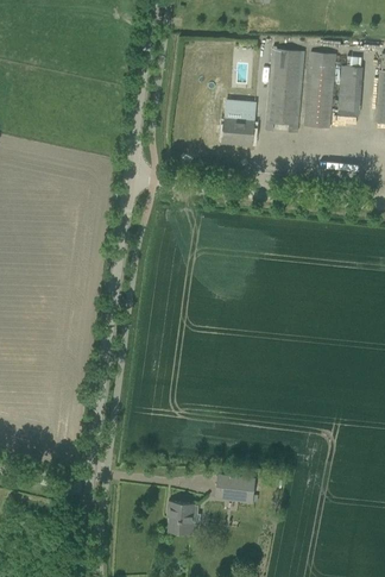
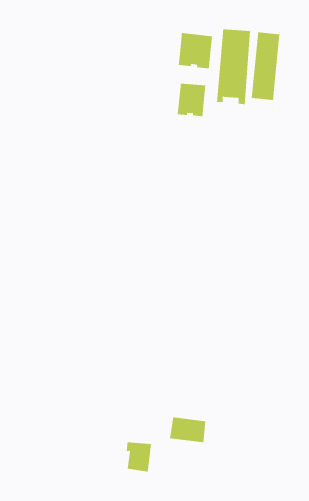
building: none -> [178,32,213,69]
building: [339,65,361,115] -> none

